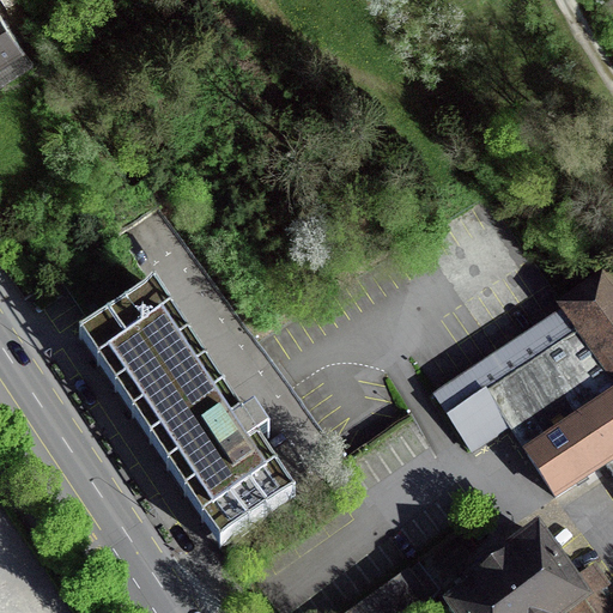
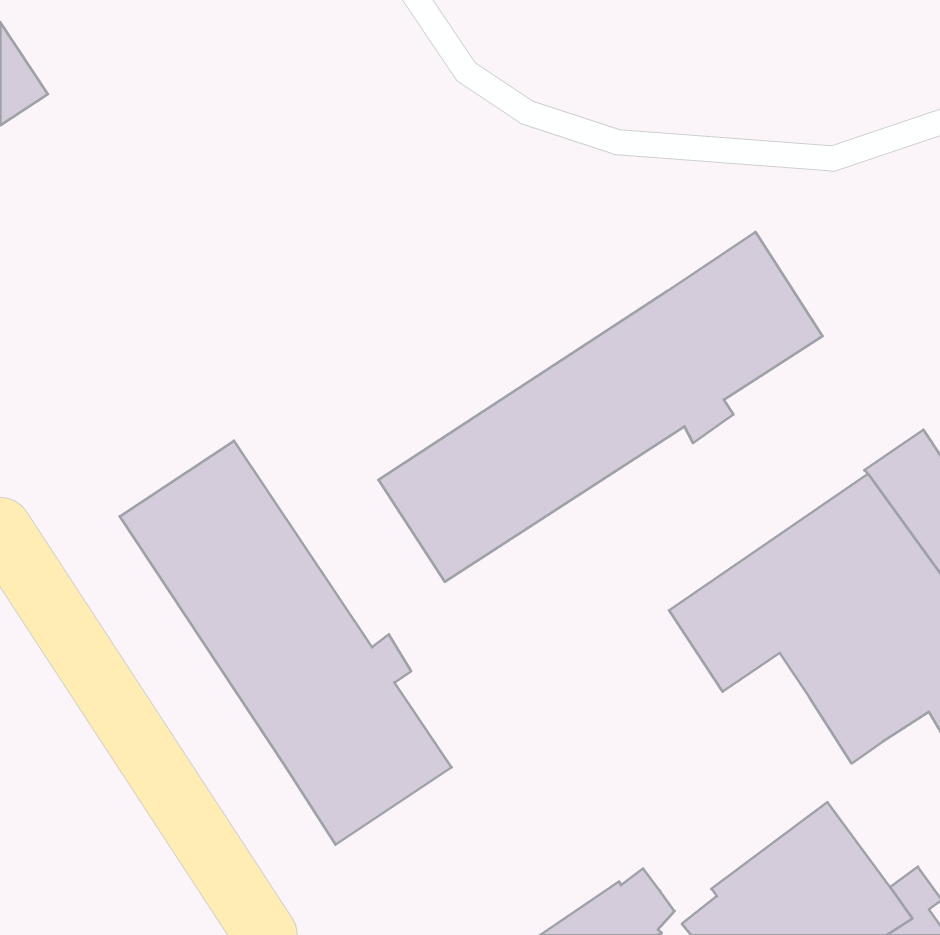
building: none -> [378,232,823,582]

